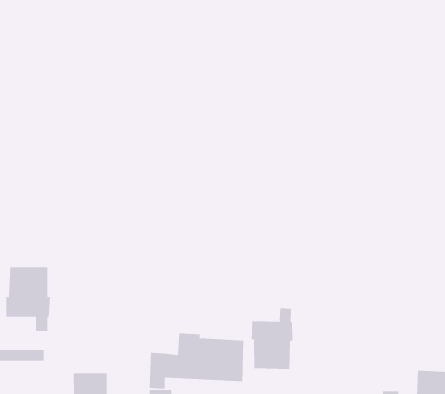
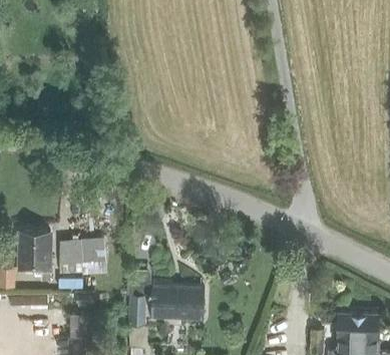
building: none -> [60,235,108,274]
building: [251,308,293,370] -> none

